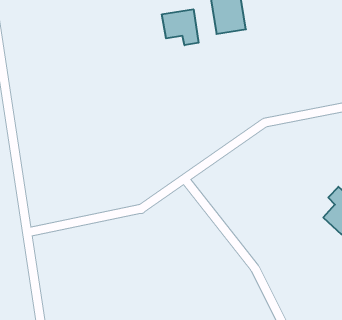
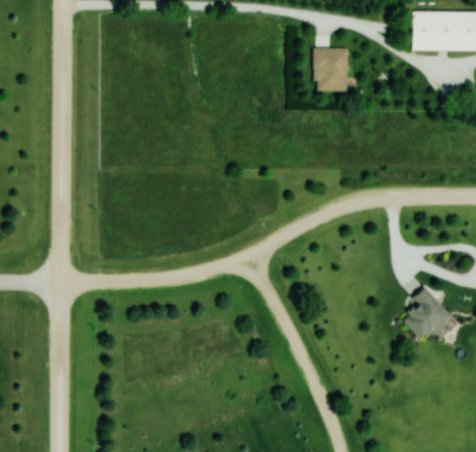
building: [162,9,199,45] -> none

